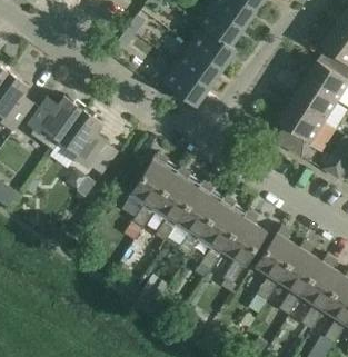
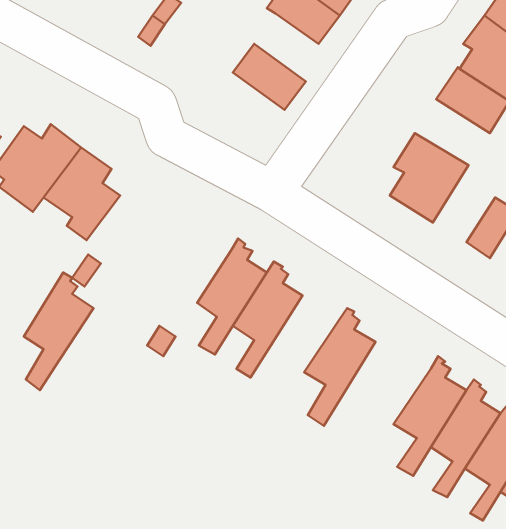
building: [190,27,236,69] -> none
building: [163,63,209,106] -> none
building: [290,80,337,121] -> none
building: [132,152,176,226] -> [24,272,94,390]
building: [199,196,243,268] -> none
building: [255,226,300,300] -> none

